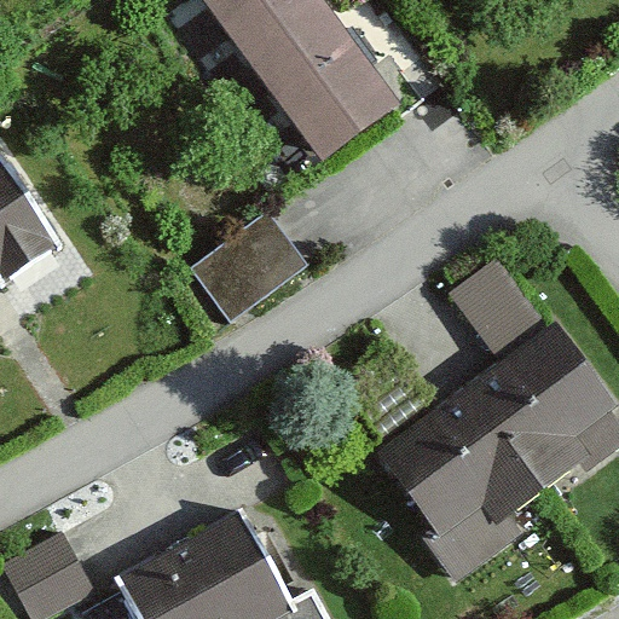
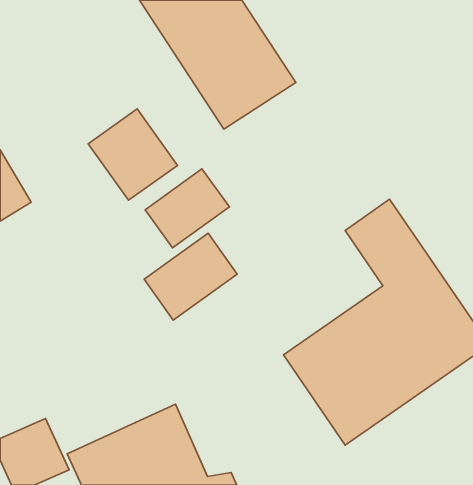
building: none -> [88,109,178,200]
building: none -> [144,233,237,320]

